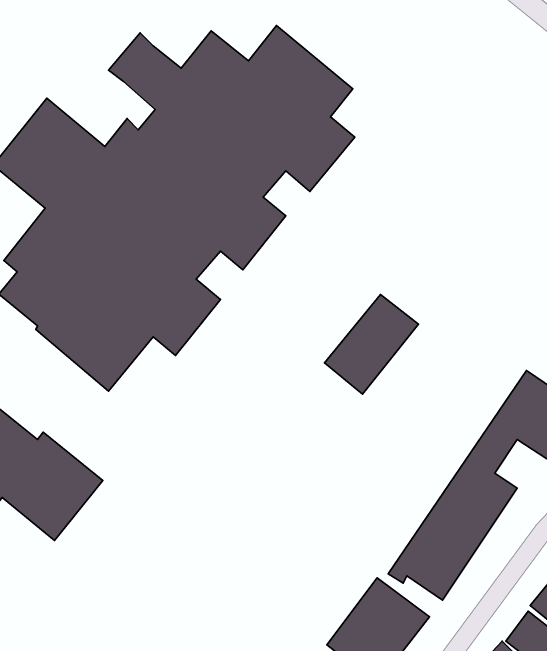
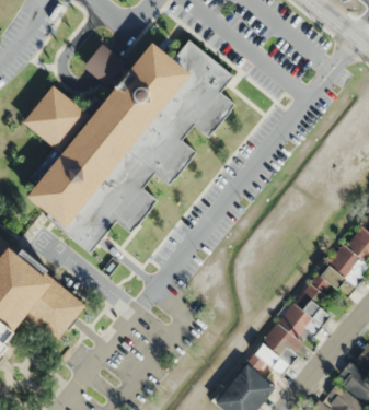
building: [324,294,419,394] -> none

